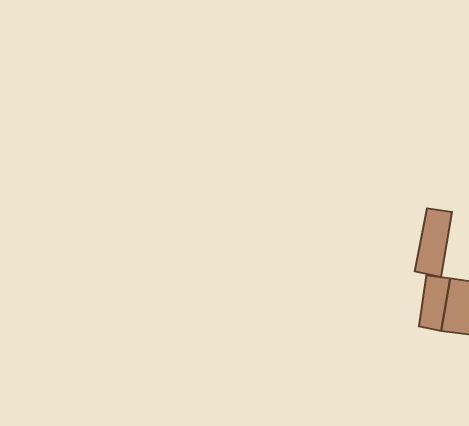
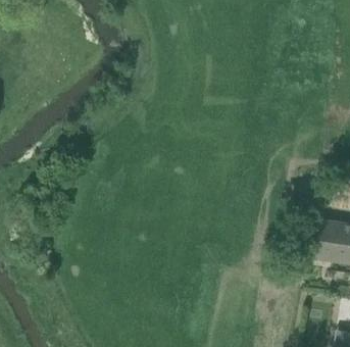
building: [415,208,452,277] -> none

